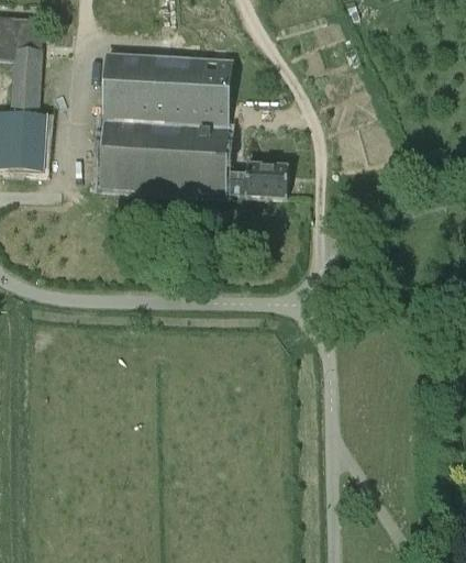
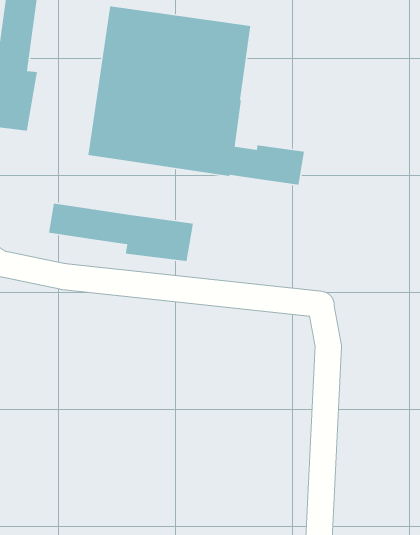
building: none -> [48,202,194,262]

